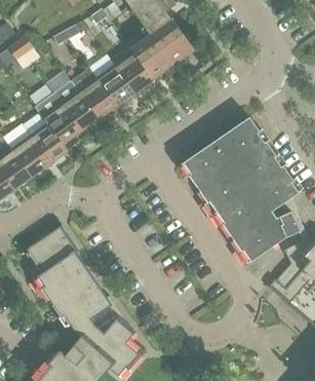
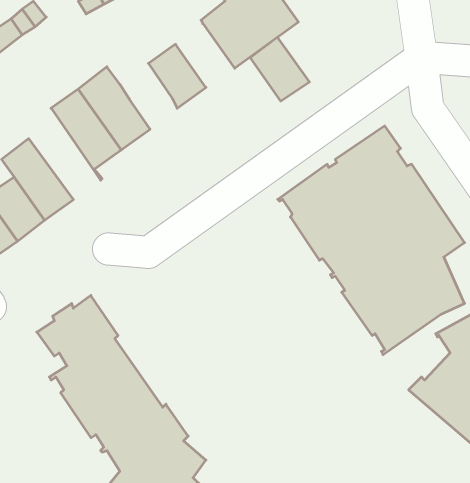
building: [115,51,153,92] -> [250,37,309,101]
building: [79,77,116,119] -> none
building: [21,106,67,164] -> none

